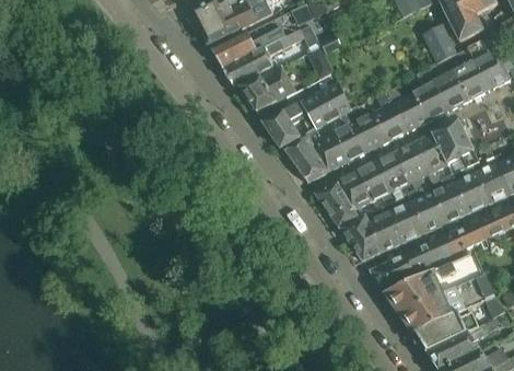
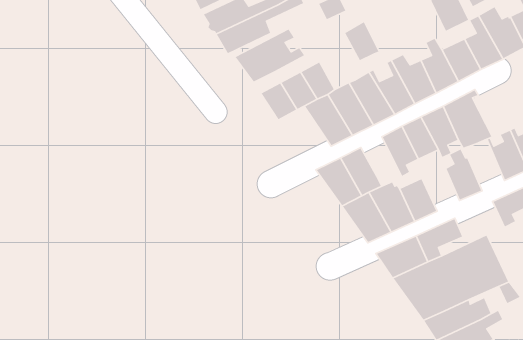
building: [318,81,351,118] -> [344,21,380,61]
building: [280,134,329,182] -> none
building: [357,162,395,201] -> none
building: [456,164,490,212] -> none
building: [413,184,448,231] -> none
building: [444,222,490,255] -> none

